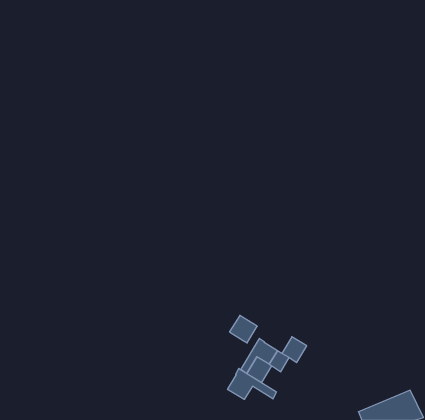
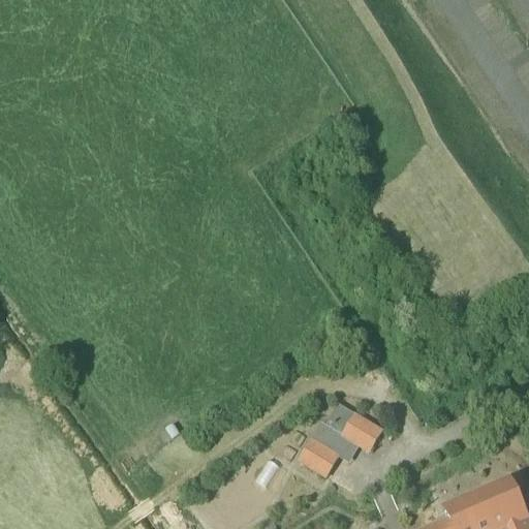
building: [230,315,257,343] -> [328,404,362,438]
building: [228,368,276,399] -> none

